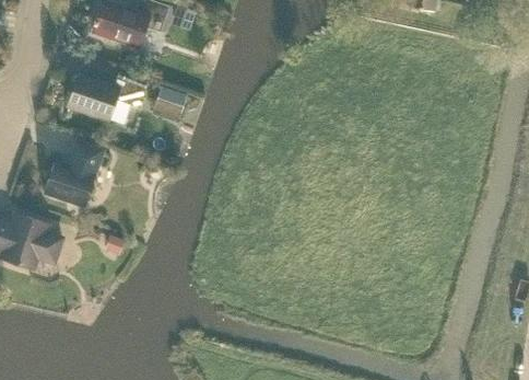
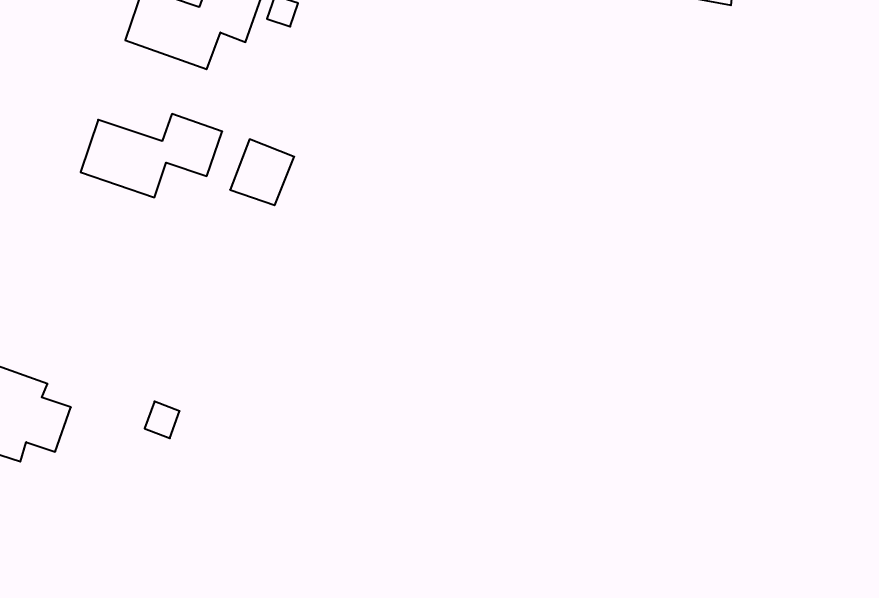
building: [44,141,102,206] -> none

